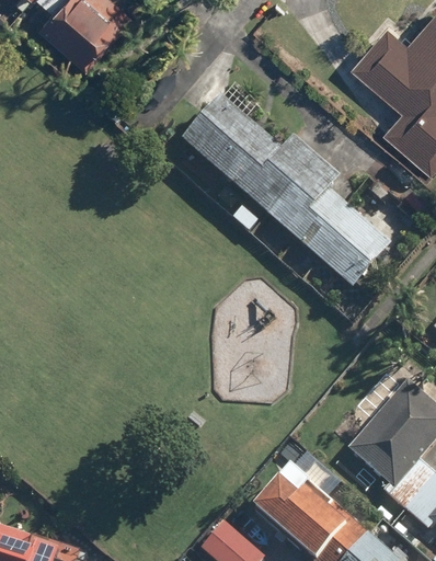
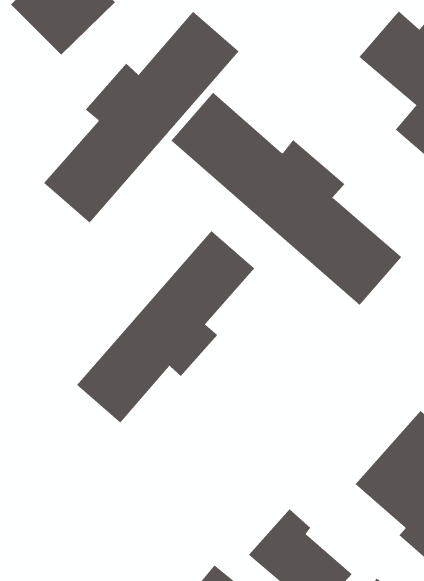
building: none -> [43,11,240,224]
building: none -> [76,230,255,423]

